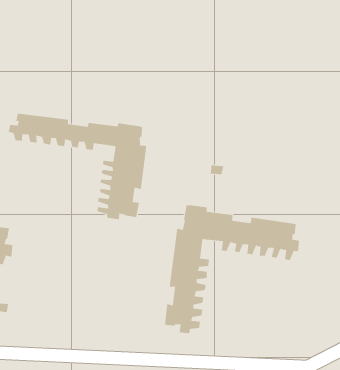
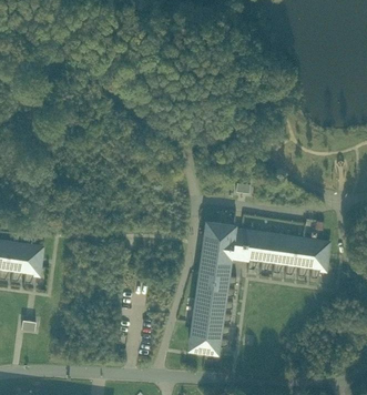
building: [8,113,147,220] -> none

